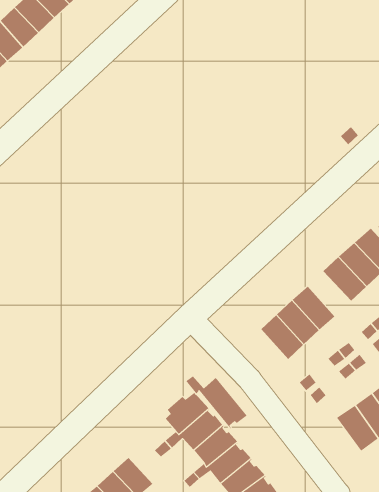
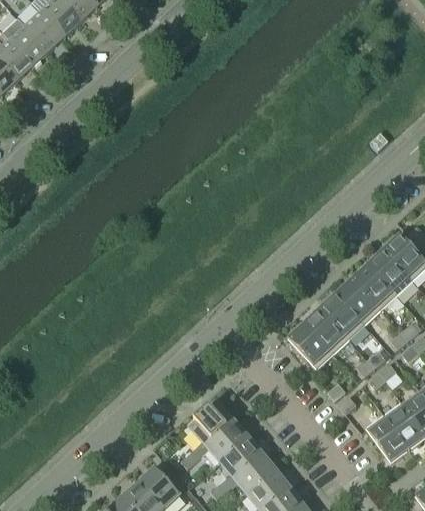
building: none -> [336,279,380,325]
building: [186,375,248,430] -> none

